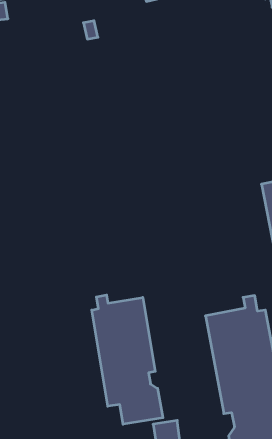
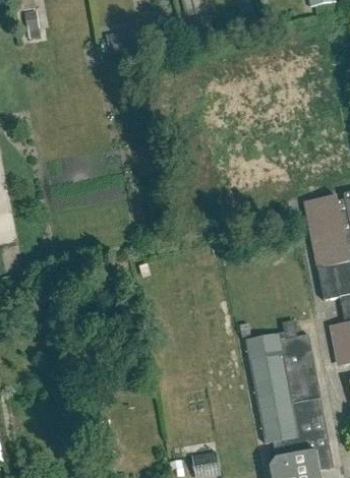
building: [92,295,163,424] -> none

